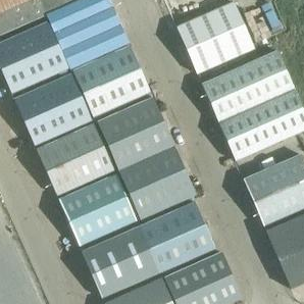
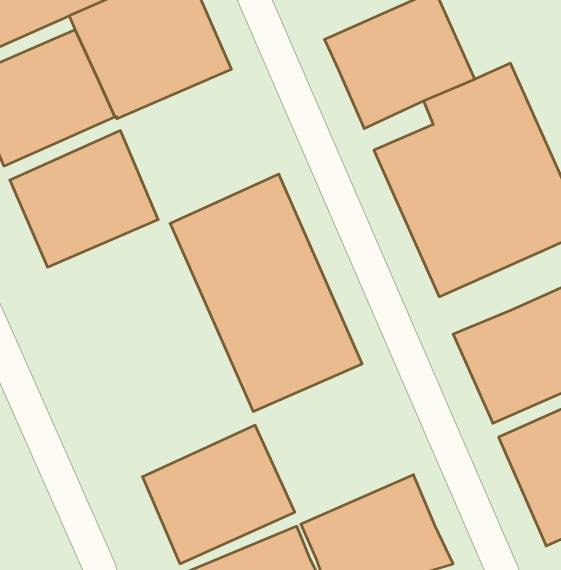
building: [71,45,150,116] -> none
building: [37,122,113,194] -> none
building: [59,173,137,245] -> none
building: [141,201,215,270] -> none

